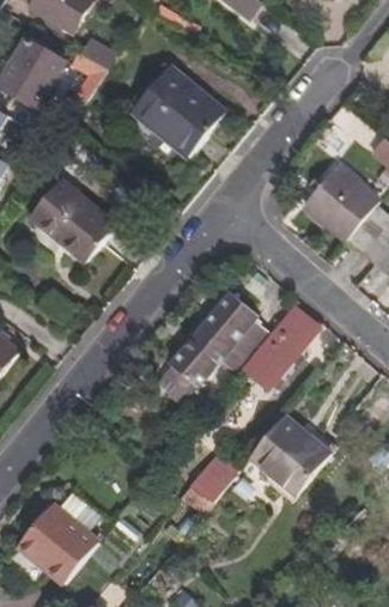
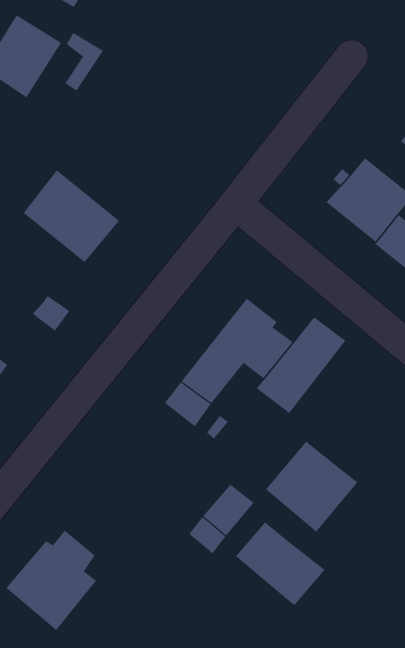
building: [132,63,225,154] -> none
building: none -> [235,521,326,606]

